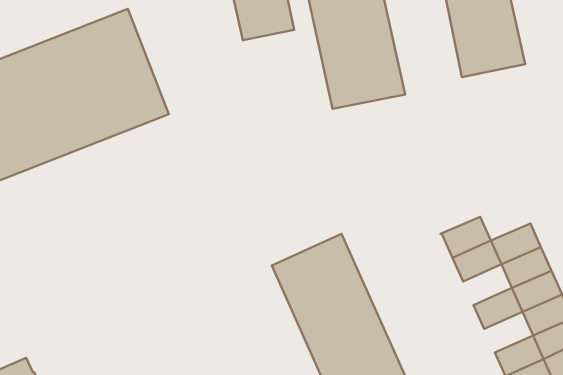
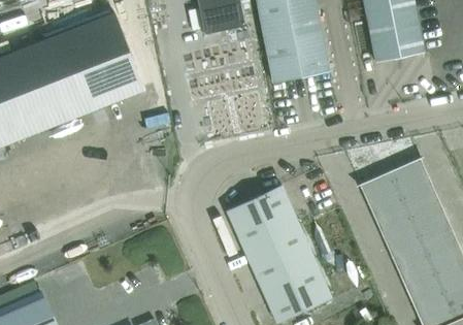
building: none -> [390,157,429,190]
building: none -> [376,208,415,240]
building: none -> [393,246,431,278]

